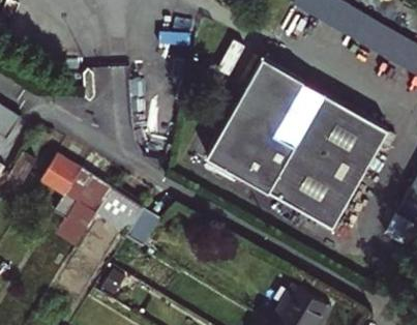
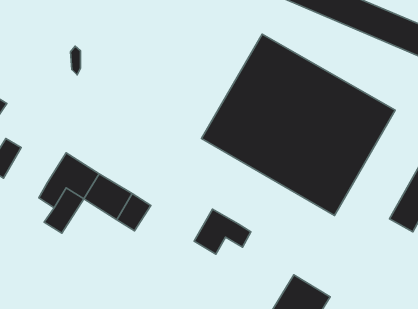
building: [39,154,81,197] -> none
building: none -> [194,209,251,254]

